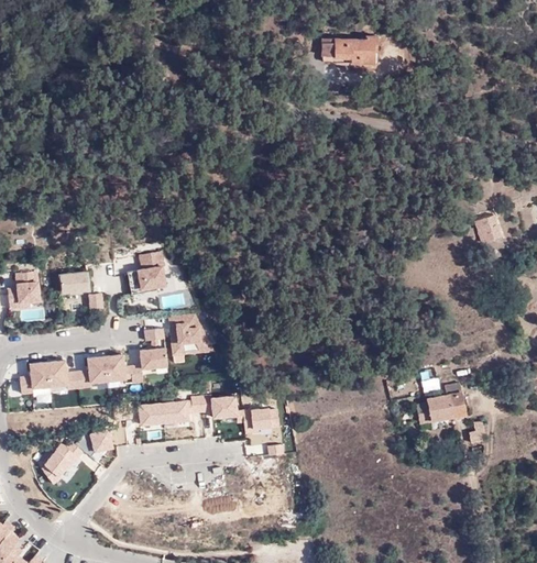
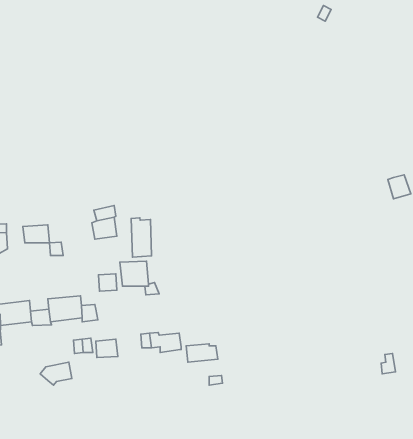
building: [322,36,377,64] -> none
building: none -> [131,218,152,257]
building: [139,347,168,369] -> none
building: [416,384,465,430] -> none
building: [164,401,190,423] -> none
building: [43,438,86,484] -> none

